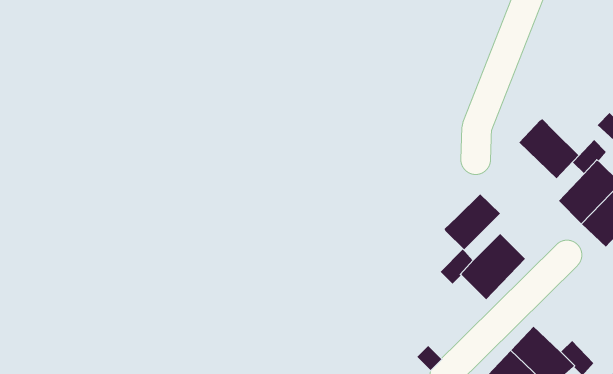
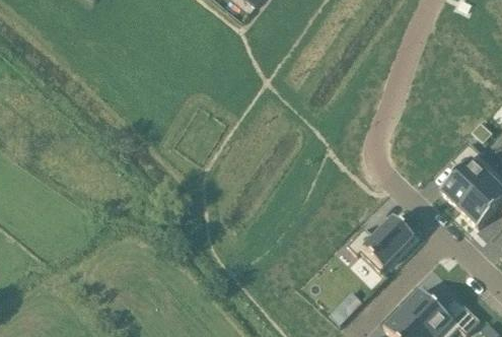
building: [518,118,579,179] -> none
building: [444,194,501,250] -> none

